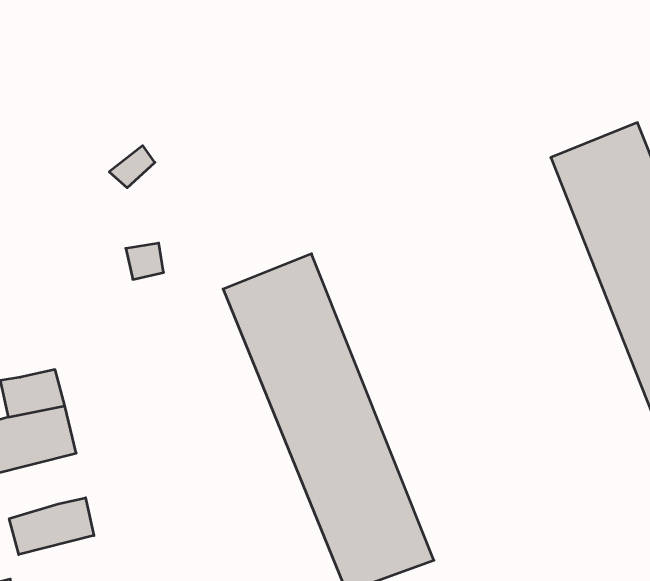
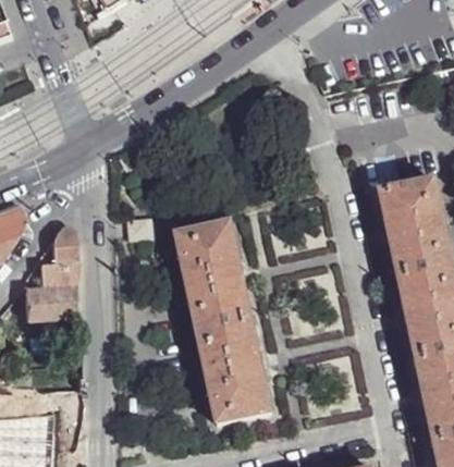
building: none -> [49,230,78,268]
building: [9,498,94,555] -> none

